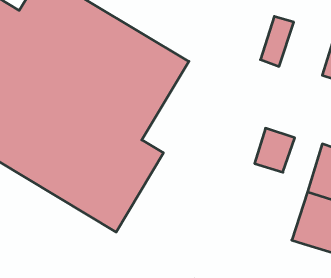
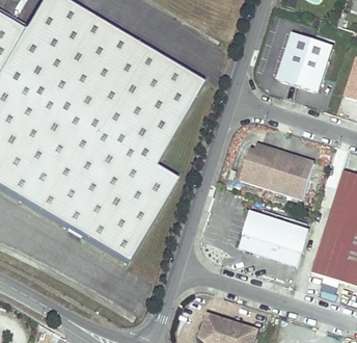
building: none -> [298,39,333,93]
building: none -> [241,142,283,189]
building: none -> [240,212,308,263]

